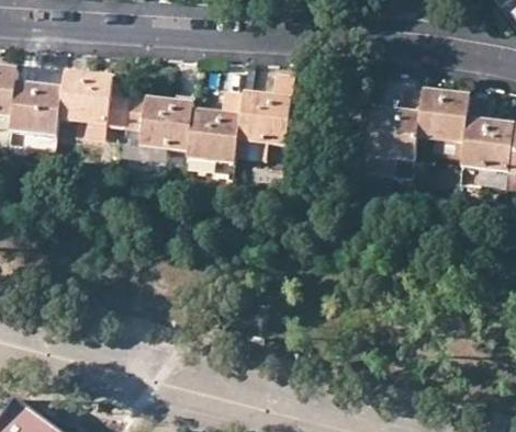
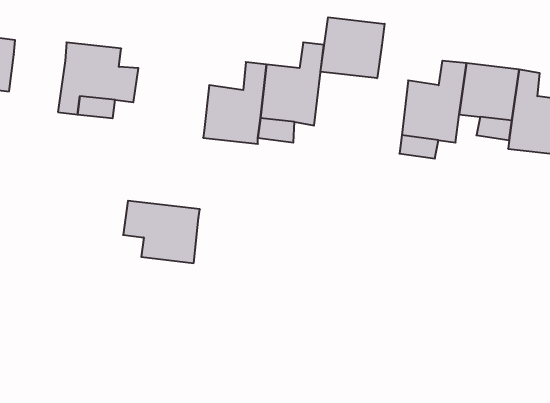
building: none -> [321,17,385,78]
building: [10,81,61,133] -> none
building: [123,93,192,149] -> [123,201,200,263]

